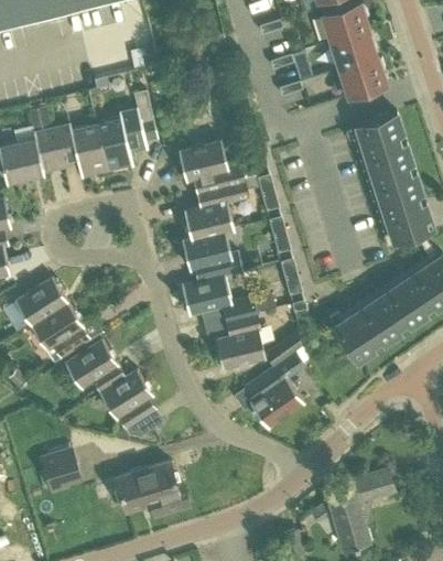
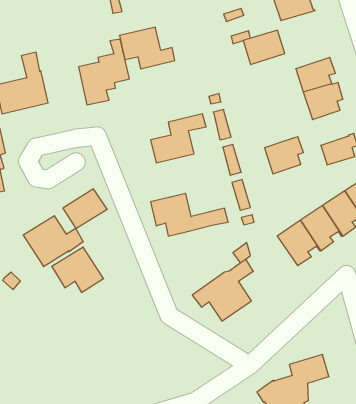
building: [338,57,388,98] -> [243,30,285,65]
building: [52,125,107,176] -> none
building: [179,141,245,191] -> [119,27,175,69]
building: [376,174,422,218] -> [265,137,303,174]
building: [183,230,242,280] -> none
building: [15,278,68,325] -> [63,189,107,229]
building: [217,313,266,367] -> none
building: [100,370,153,430] -> none
building: [40,447,83,493] -> none
building: [101,462,190,513] -> none

